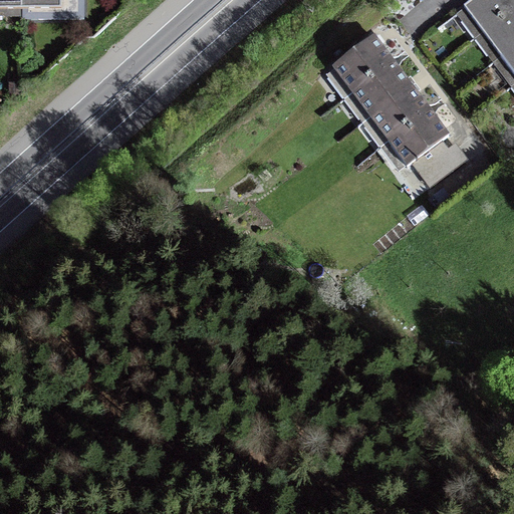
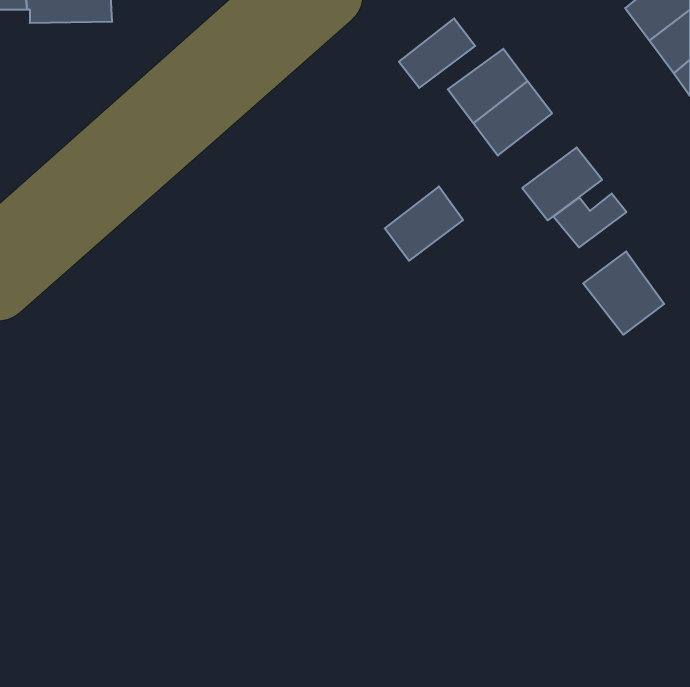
building: none -> [399,18,475,88]
building: [369,84,428,140] -> [385,186,463,261]
building: none -> [583,251,664,335]

